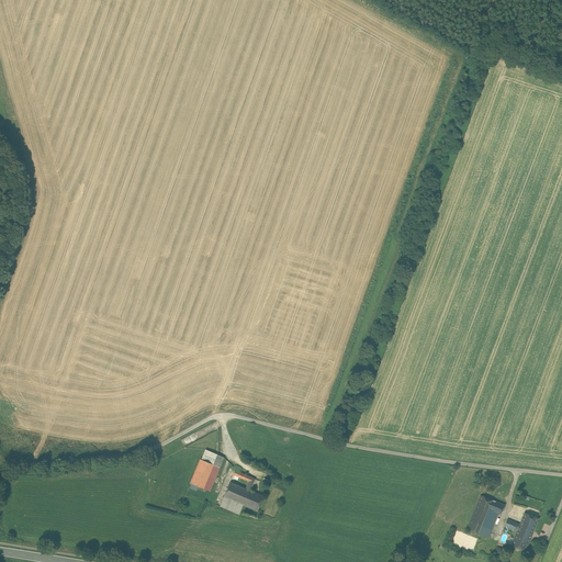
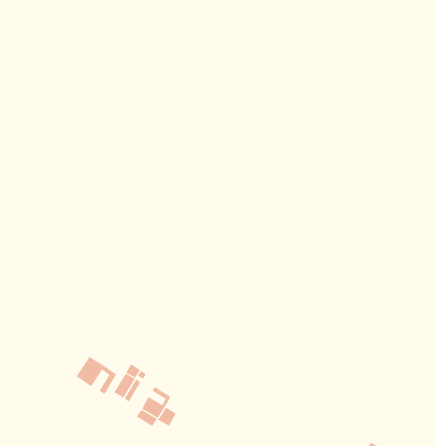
building: none -> [76,356,117,395]

